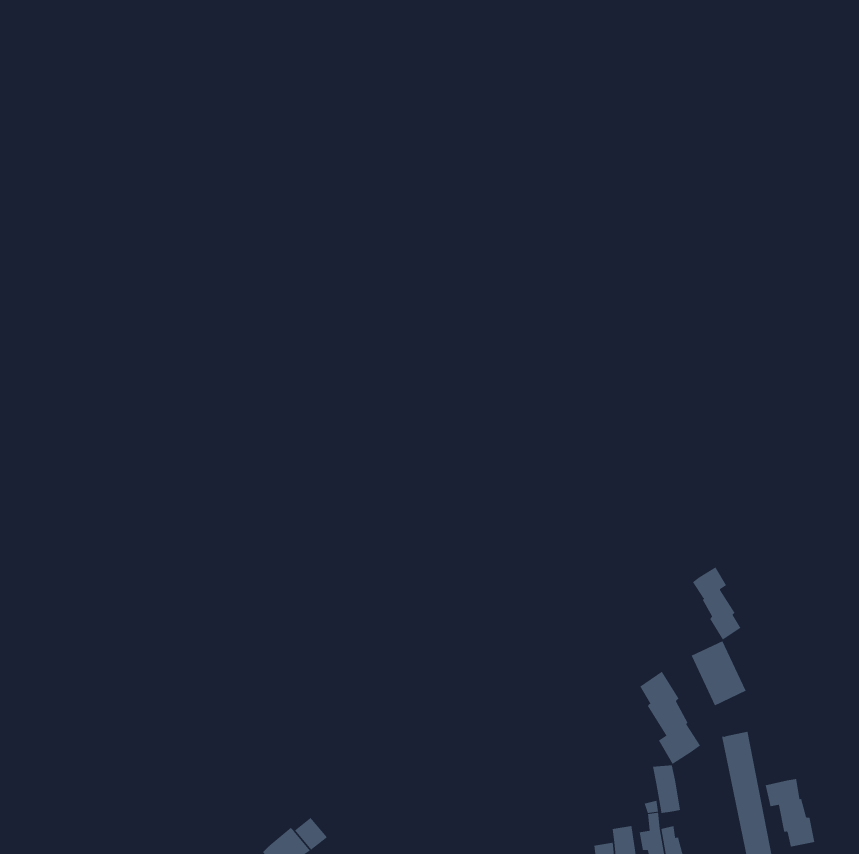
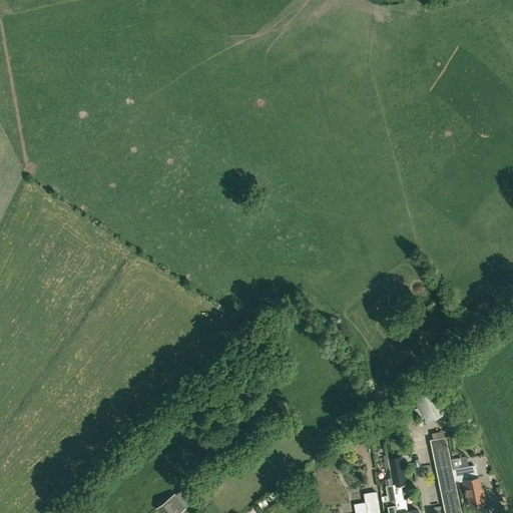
building: [692,566,741,640] -> none
building: [640,671,701,765] -> none

